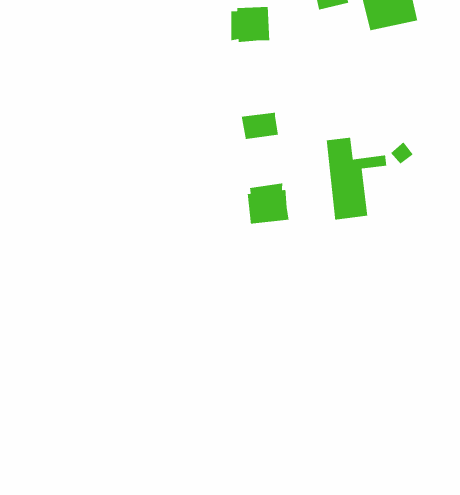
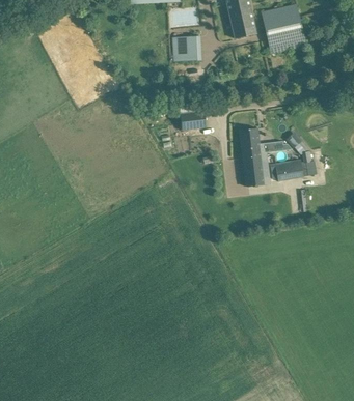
building: none -> [272,159,303,180]
building: [247,182,289,224] -> none

